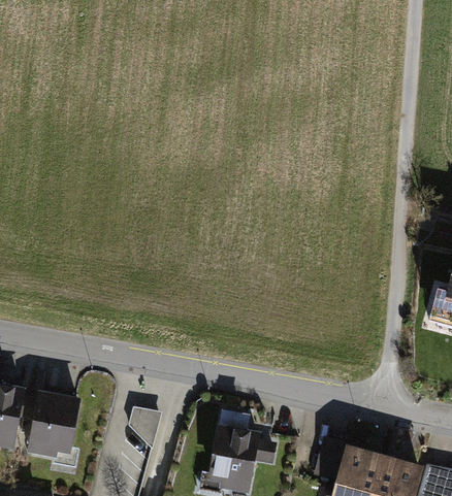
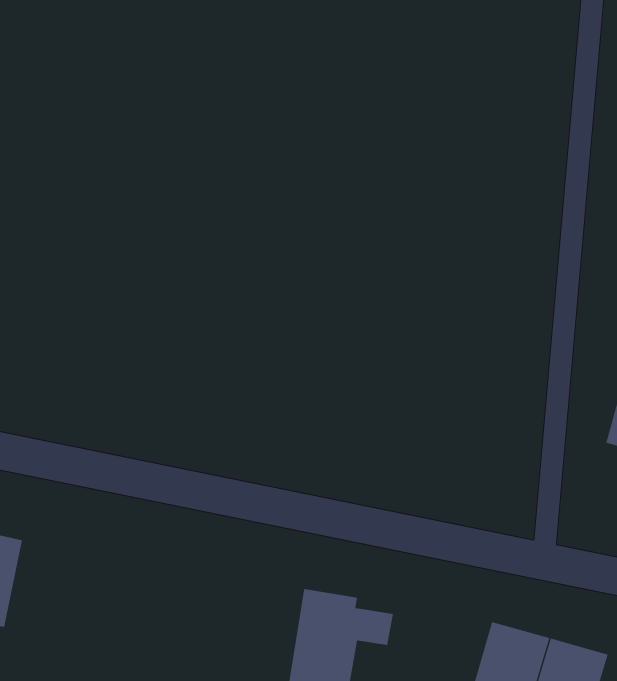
building: [27,392,78,461] -> none
building: [129,400,164,435] -> none

